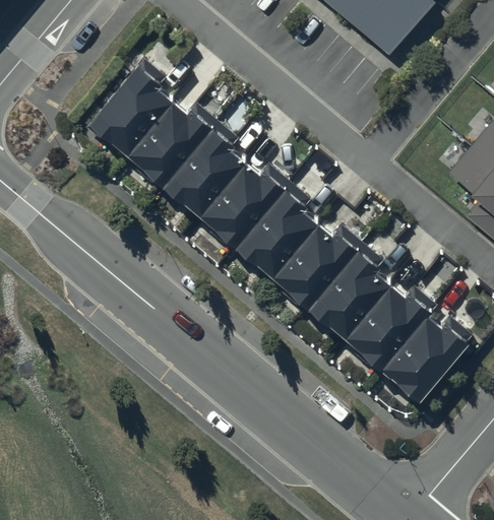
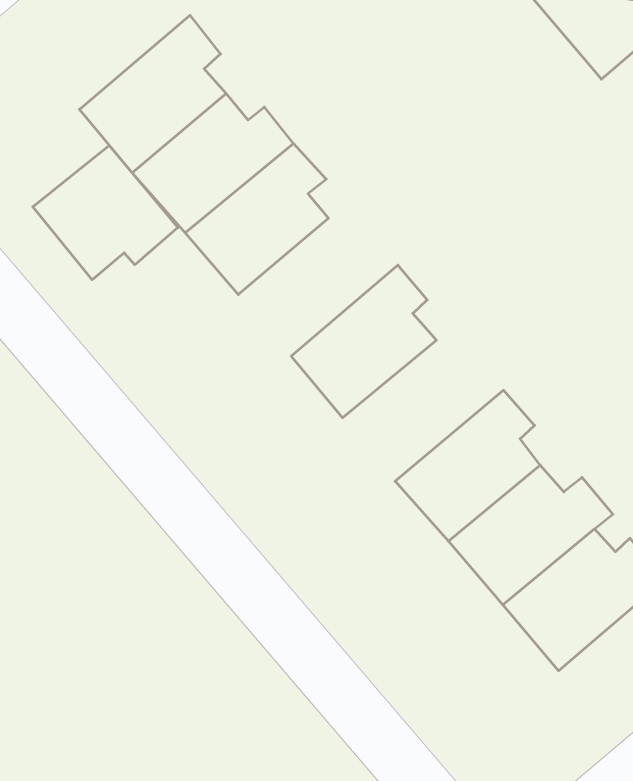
building: none -> [33,145,178,280]
building: [198,162,288,246] -> none
building: [270,222,361,308] -> none

